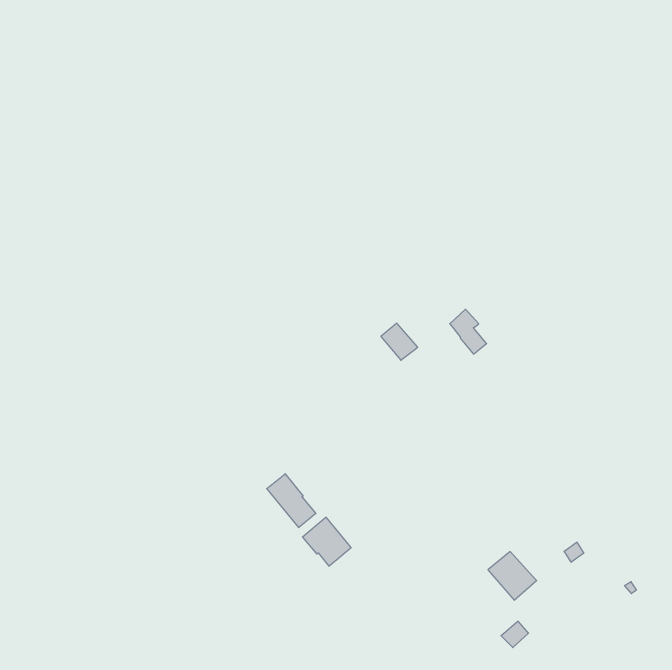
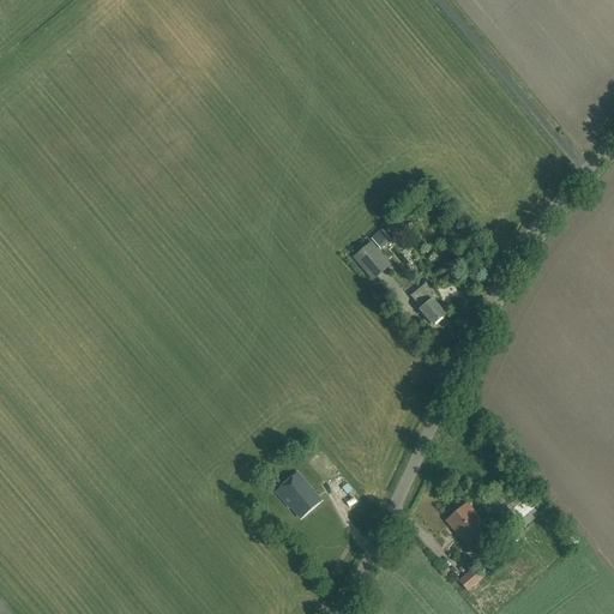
building: [381,323,418,360] -> [355,242,389,276]
building: [267,474,316,528] -> none

